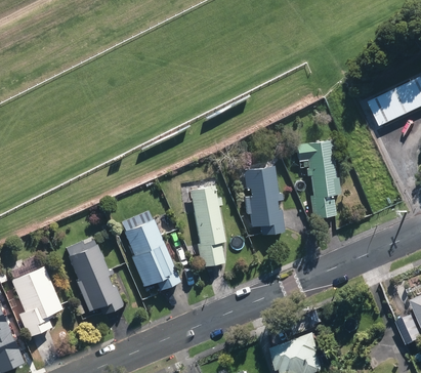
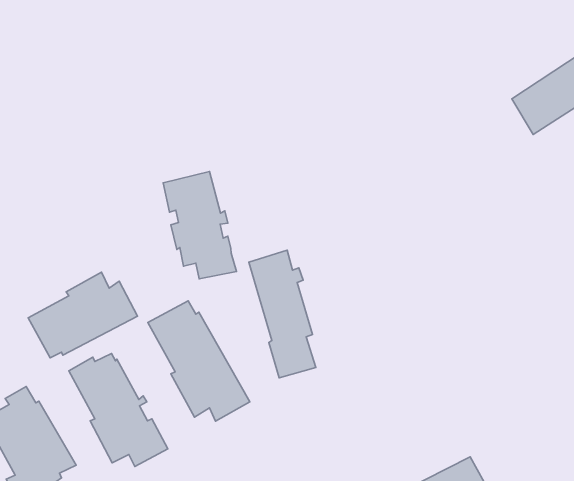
building: [296,138,341,217] -> none
building: [244,165,285,234] -> [163,171,236,279]
building: none -> [28,272,137,358]

